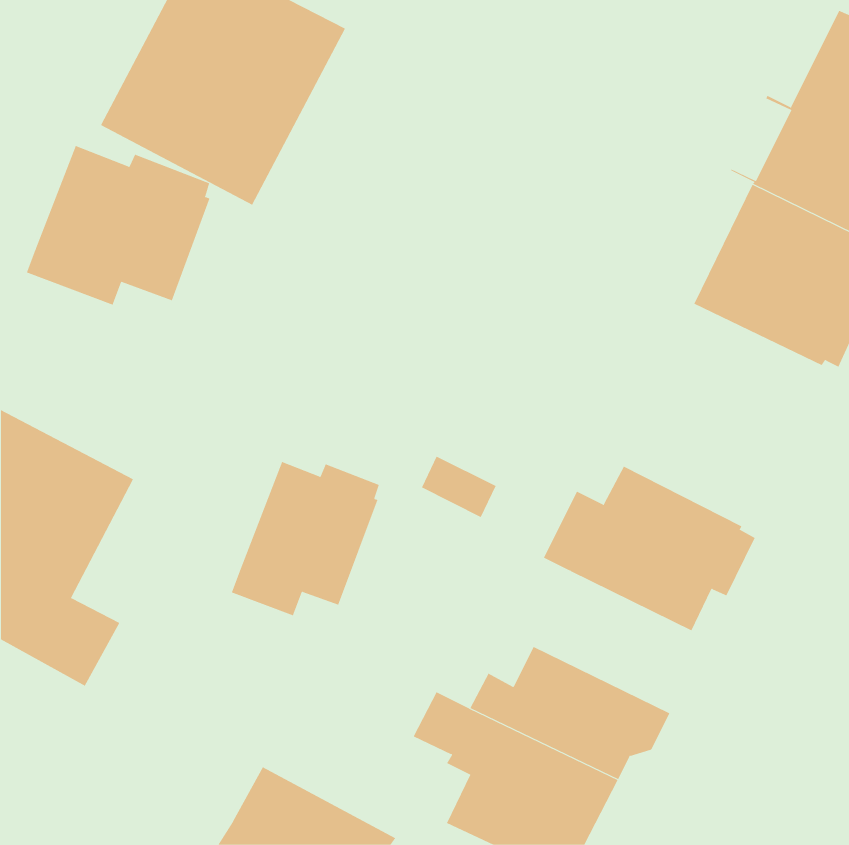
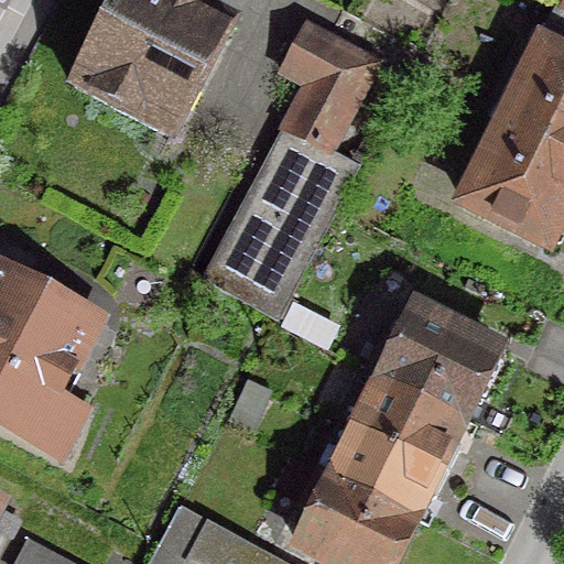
building: none -> [202,25,375,318]
building: [26,145,210,306] -> none
building: [231,461,380,616] -> none
building: none -> [355,377,459,470]

